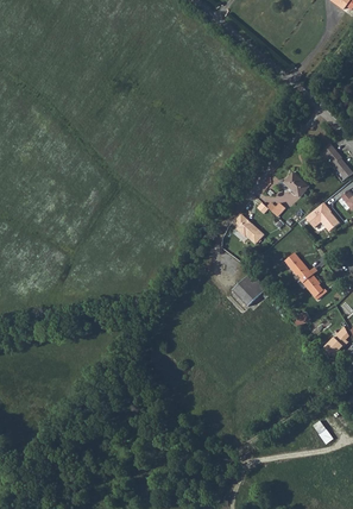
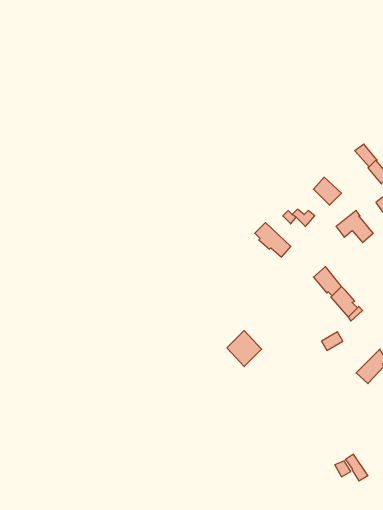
building: [233,275,264,307] -> [227,331,262,367]

